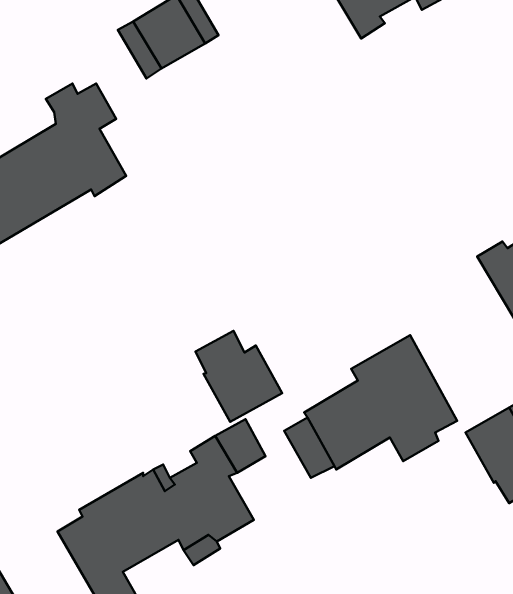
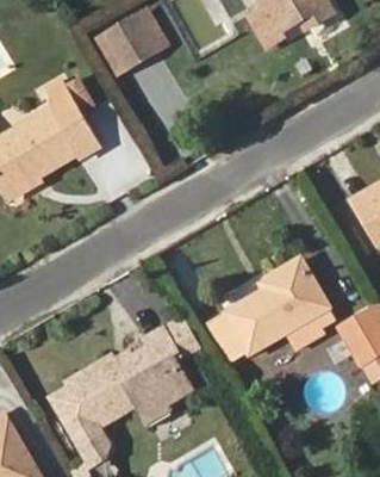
building: [195,331,282,422] -> none

